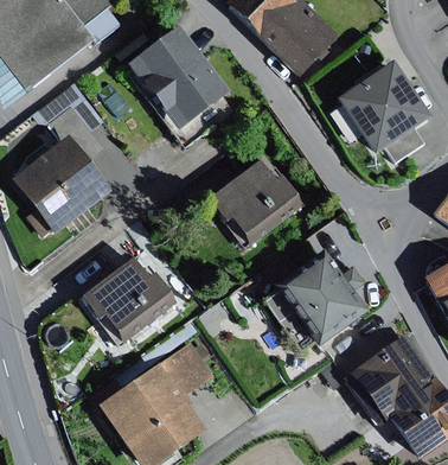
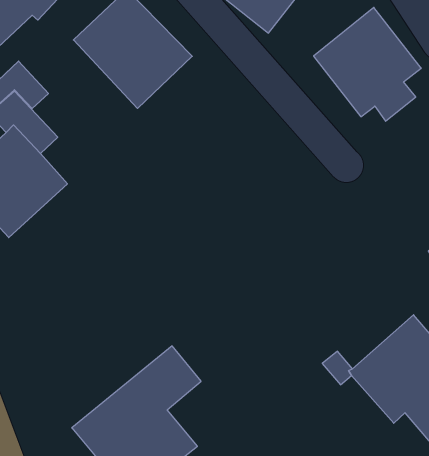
building: [206,160,303,250] -> none
building: [273,248,369,348] -> none
building: [78,256,177,348] -> none

